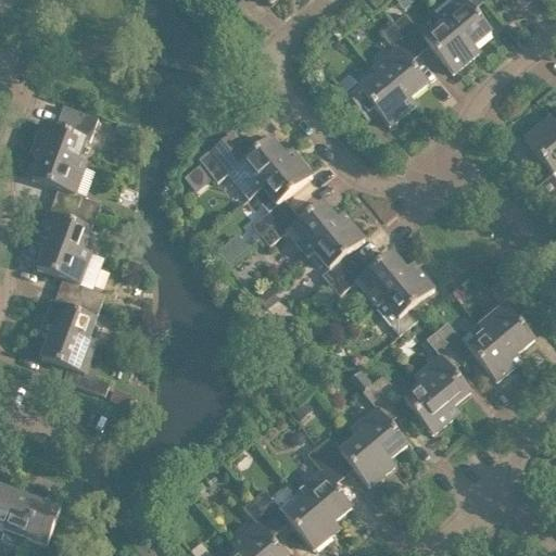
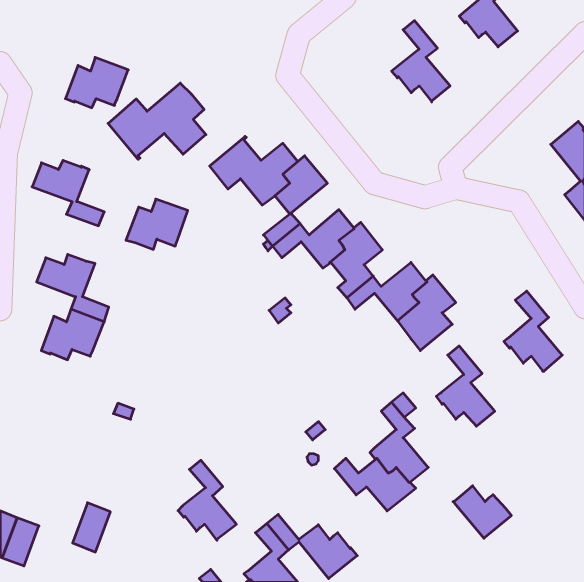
building: [394,11,480,72] -> none
building: [344,73,416,125] -> none
building: none -> [108,83,206,159]
building: [31,113,91,161] -> [65,57,128,108]
building: [36,203,94,251] -> [126,199,188,249]
building: [437,319,522,379] -> none
building: [41,331,109,393] -> none
building: [403,382,458,432] -> [453,486,511,538]
building: [296,444,352,520] -> [178,460,236,540]
building: [24,498,60,545] -> [73,503,110,552]

